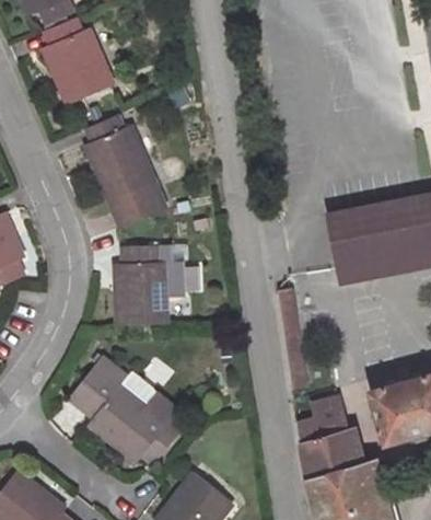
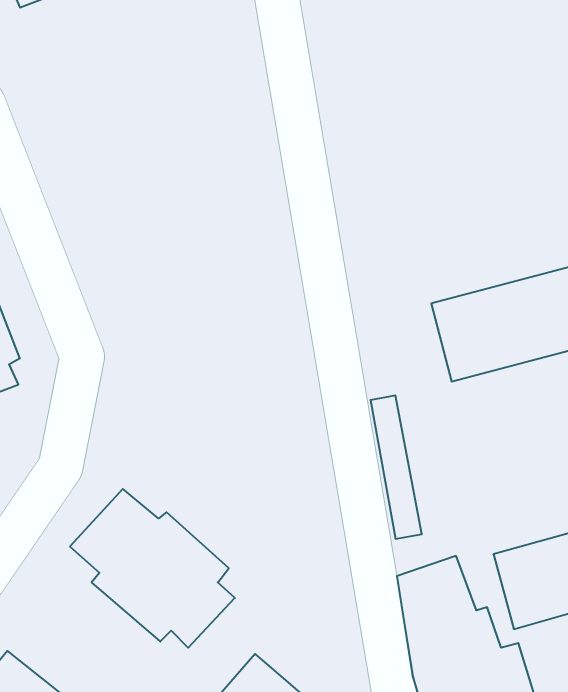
building: [47,23,116,108] -> none
building: [88,120,168,235] -> none
building: [118,238,184,344] -> none

